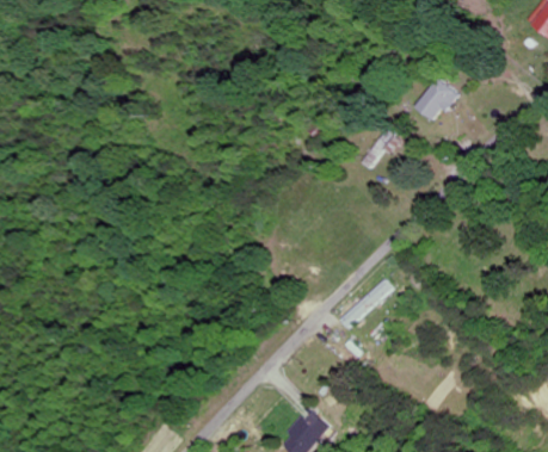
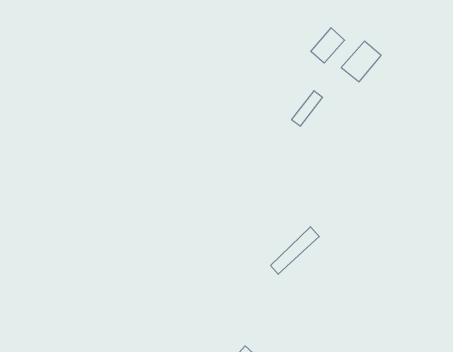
building: none -> [311,28,345,63]

